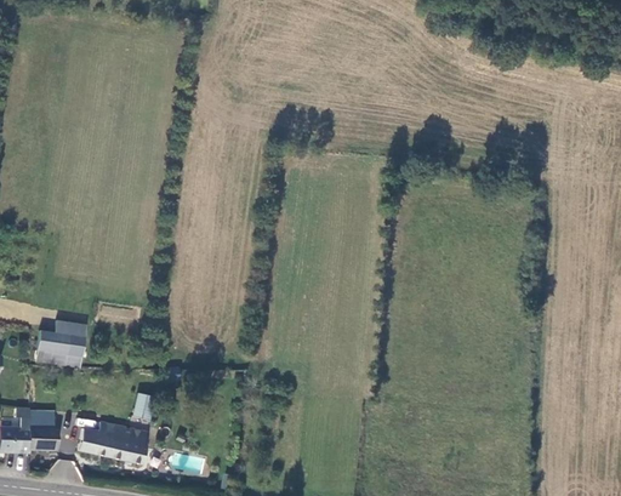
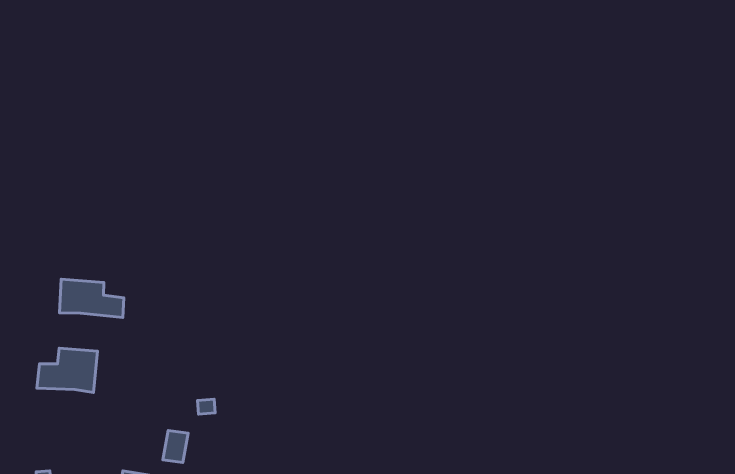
building: none -> [60,279,124,318]

